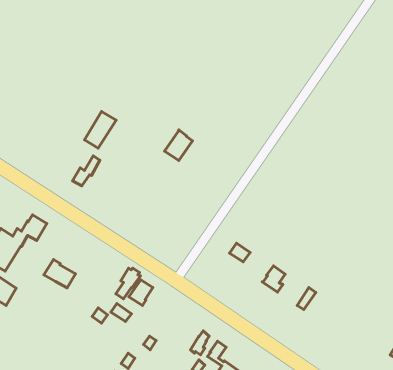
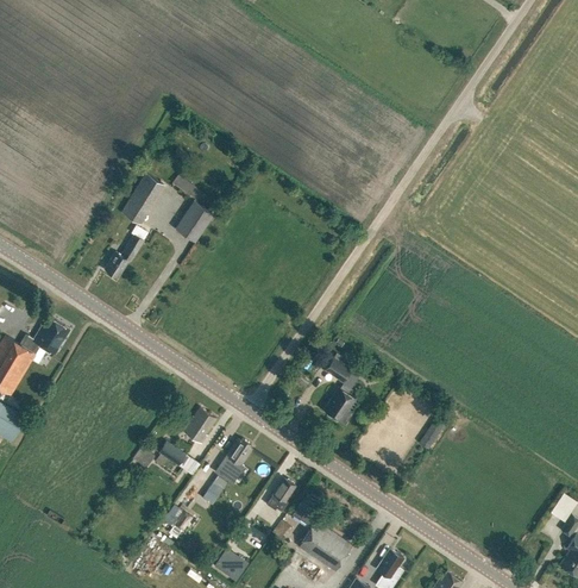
building: [164,130,193,161] -> [174,199,213,242]
building: [44,259,75,288] -> none
building: [262,266,285,292] -> [323,387,356,424]
building: [116,268,140,299] -> [218,438,252,481]

